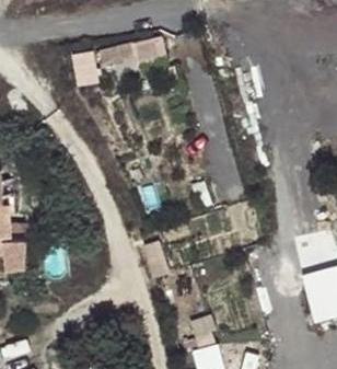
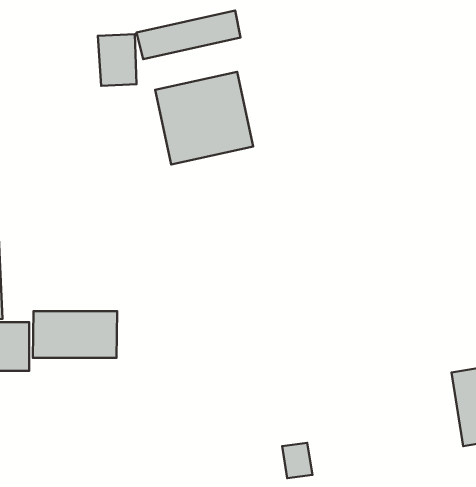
building: none -> [155,72,253,165]
building: none -> [33,311,117,358]

